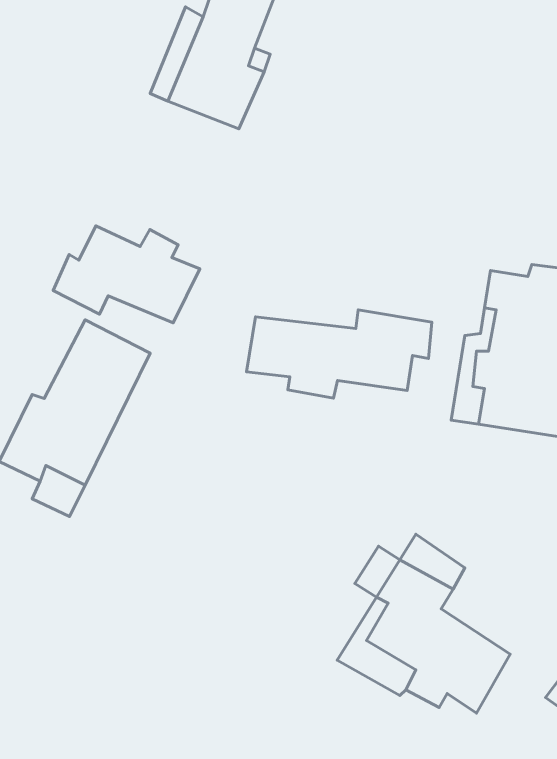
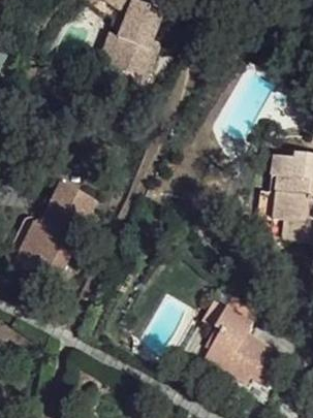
building: [53,226,200,323] -> none
building: [247,310,432,398] -> none

